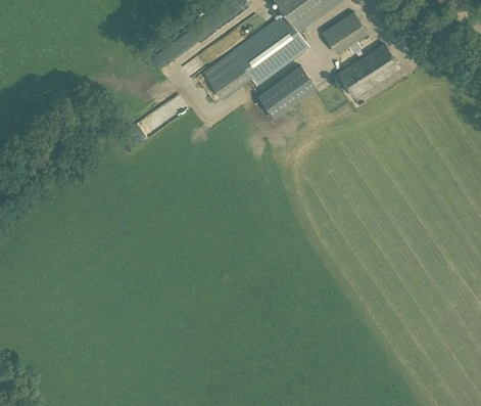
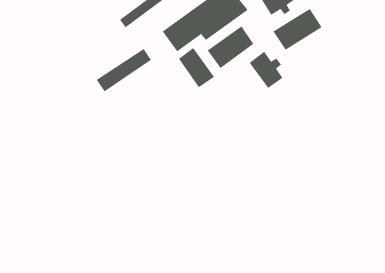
building: none -> [178,47,215,88]
building: none -> [249,51,283,89]

